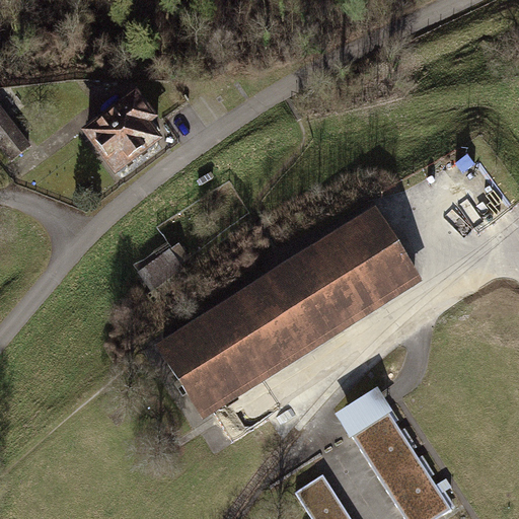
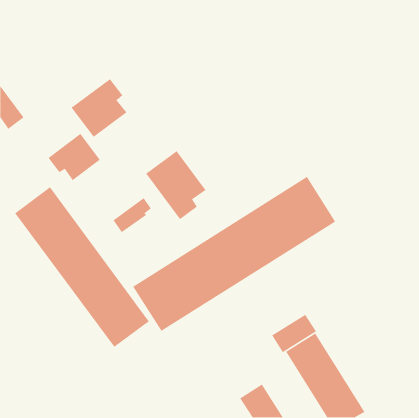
building: none -> [48,133,101,181]
building: none -> [145,150,206,220]
building: none -> [14,186,150,348]

